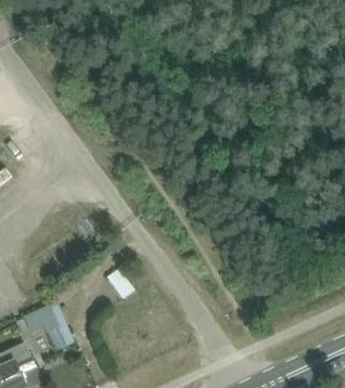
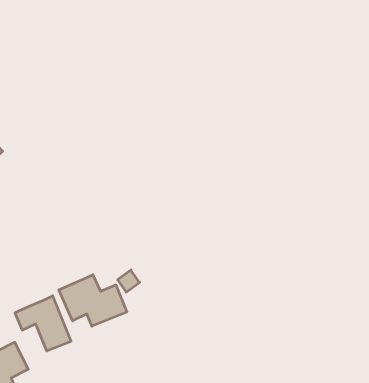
building: none -> [59,275,127,326]

